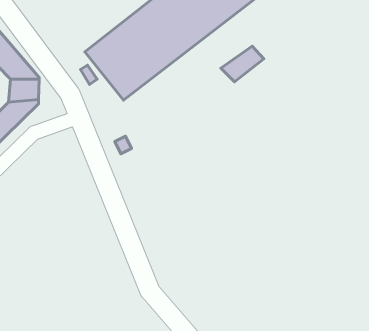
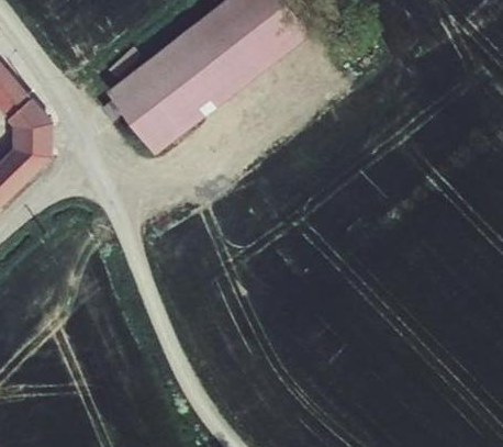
building: [221,46,264,82] -> none

